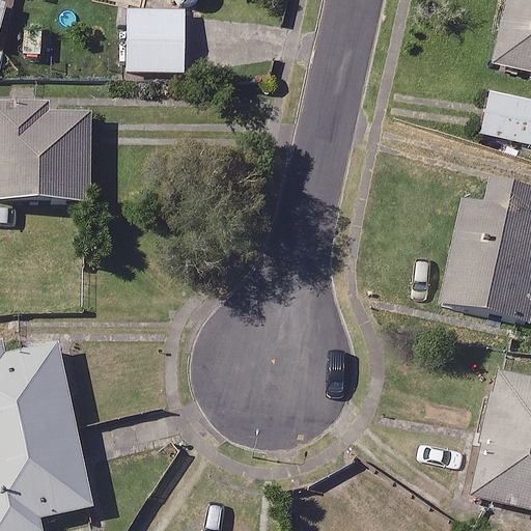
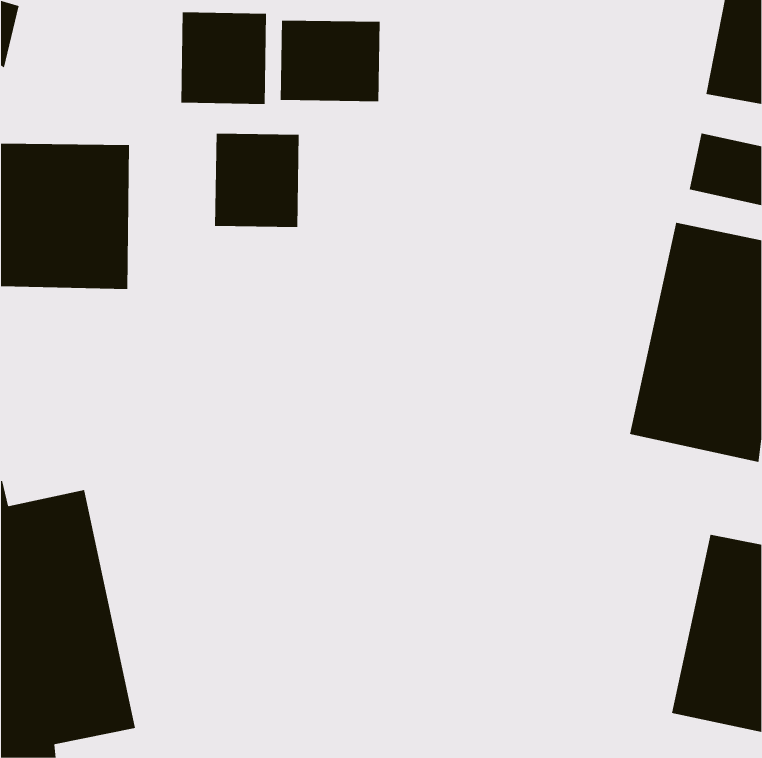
building: none -> [280,20,380,102]
building: none -> [215,133,299,228]

